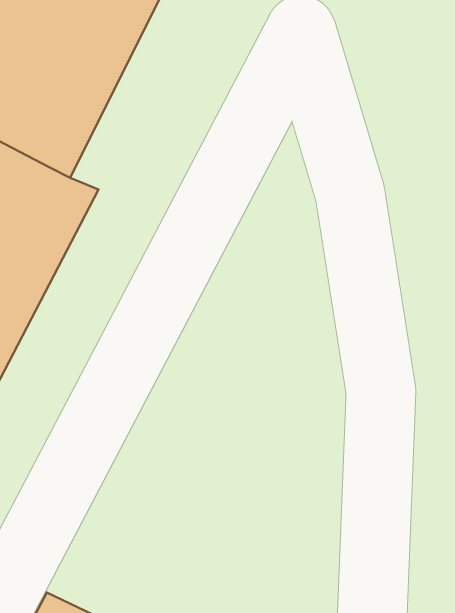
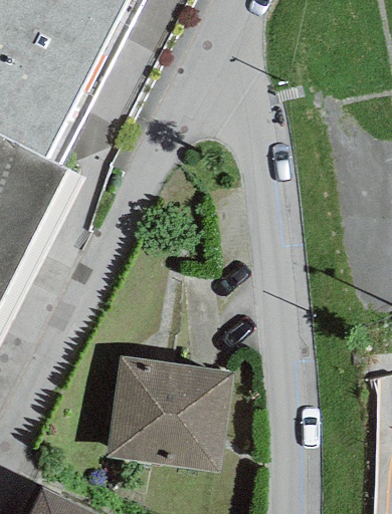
building: none -> [105,354,231,469]

